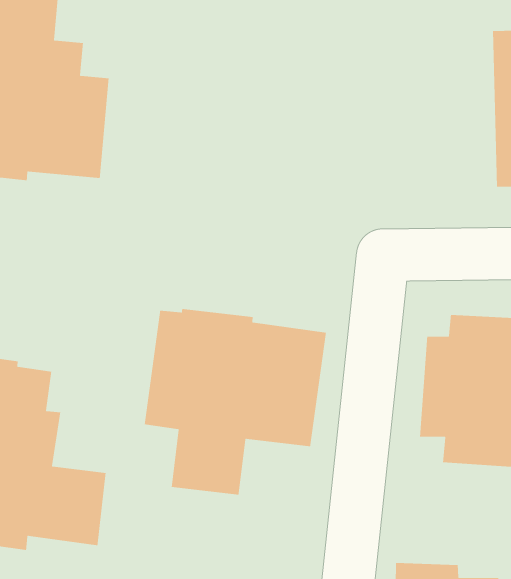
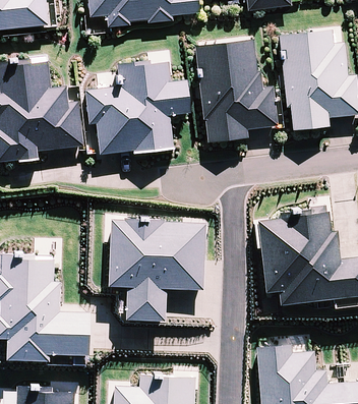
building: none -> [83,53,179,145]
building: none -> [195,47,277,149]

